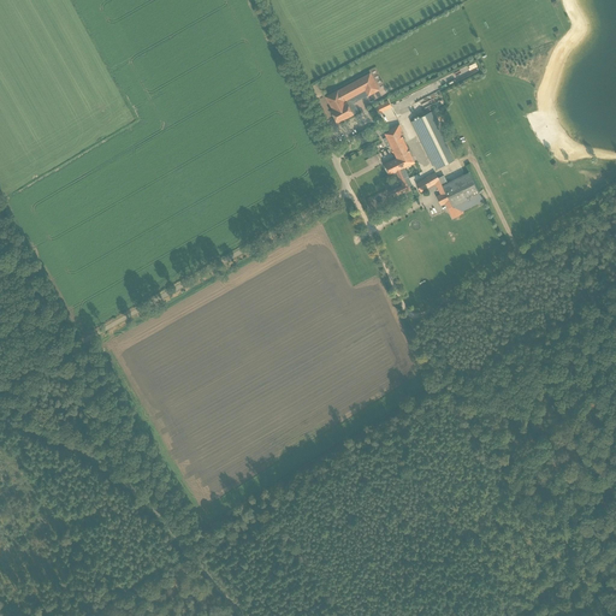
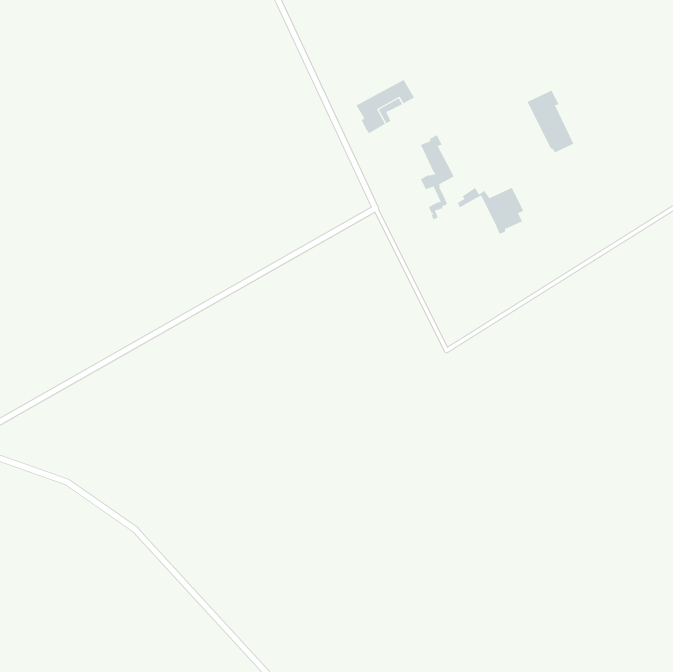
building: [410,109,454,167] -> [527,90,574,153]

